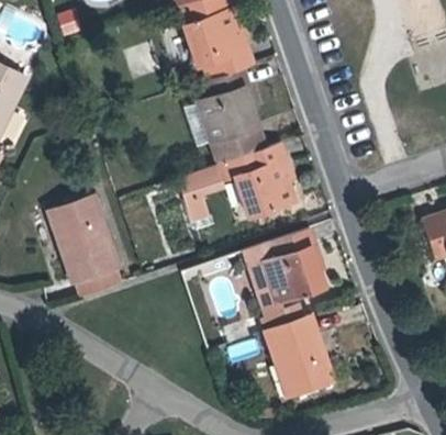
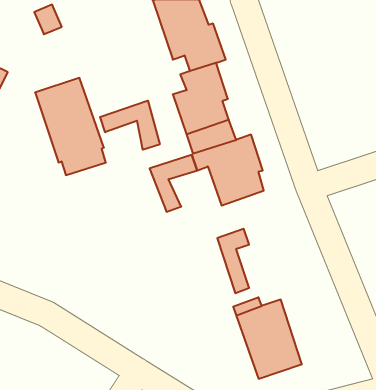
building: none -> [100,101,160,150]
building: [48,196,122,297] -> [35,78,106,175]
building: [265,228,323,302] -> none

